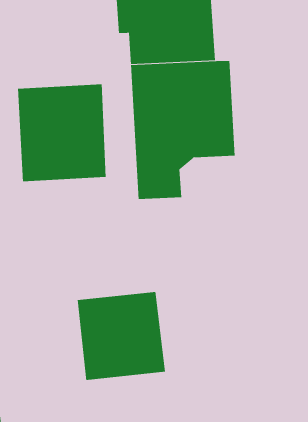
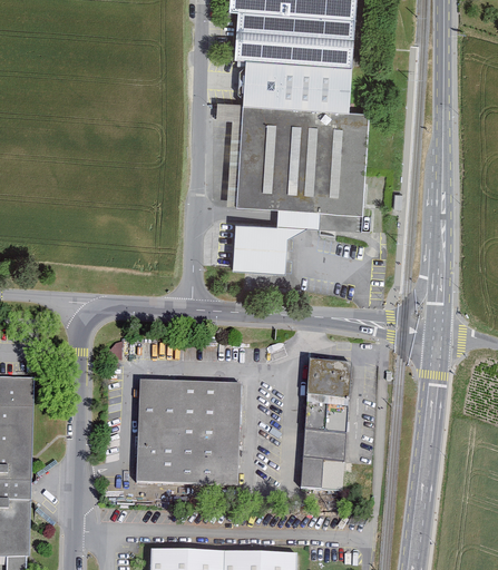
building: [17,83,106,182] -> none
building: none -> [302,361,351,489]

